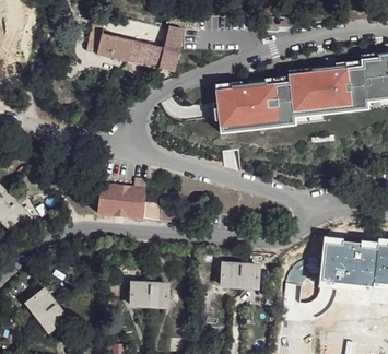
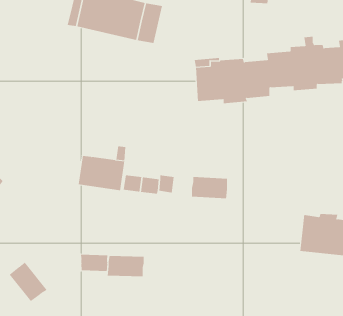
building: [219,264,256,287] -> [191,176,228,199]
building: none -> [80,254,108,272]

